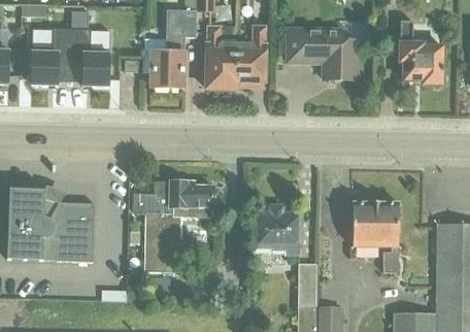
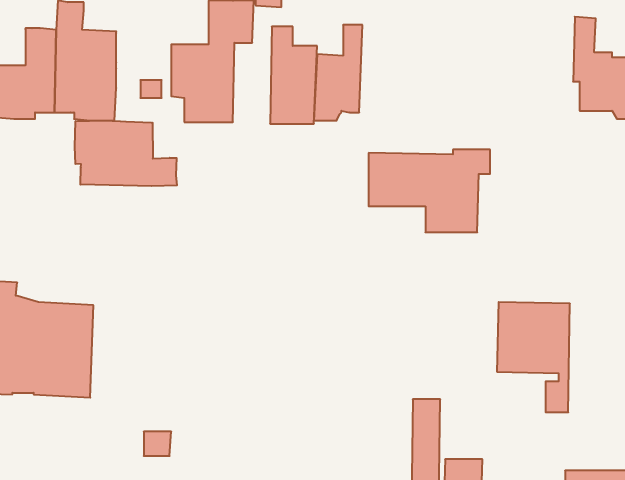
building: [288,26,365,78] -> [369,150,490,232]
building: none -> [75,121,177,186]
building: [134,181,213,272] -> none
building: [254,205,300,252] -> none

